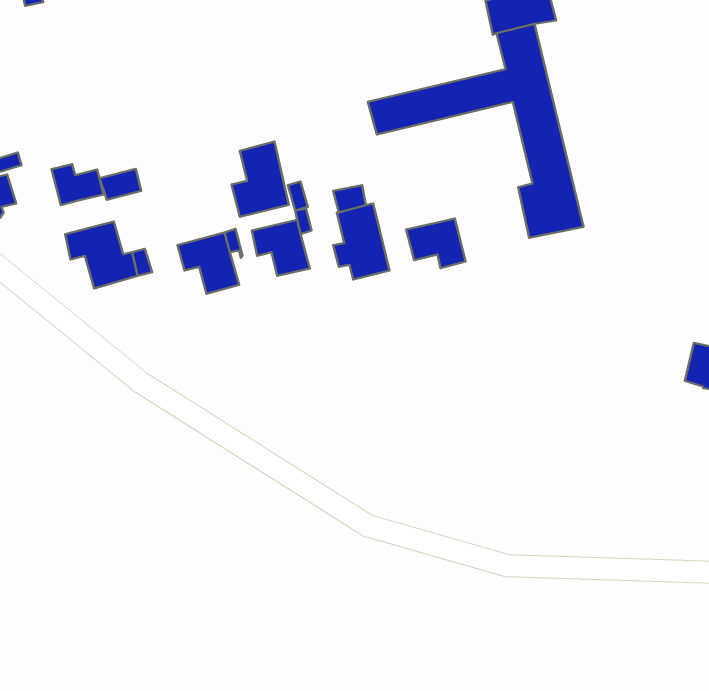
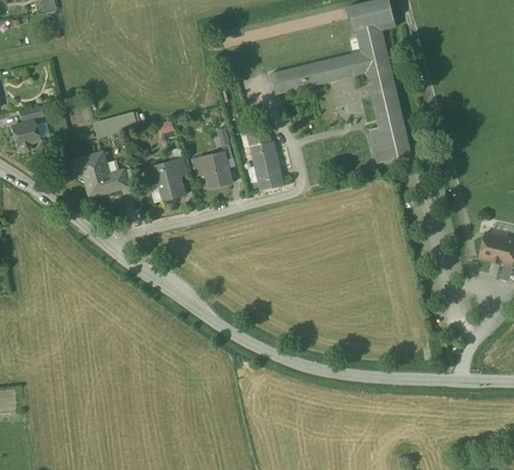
building: [232,142,289,217] -> none
building: [51,164,104,205] -> none
building: [406,219,465,268] -> none

